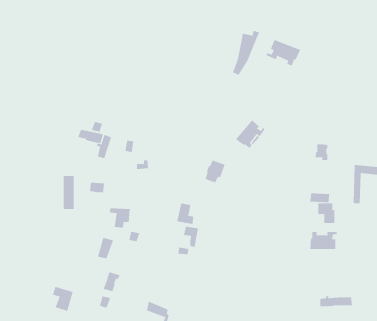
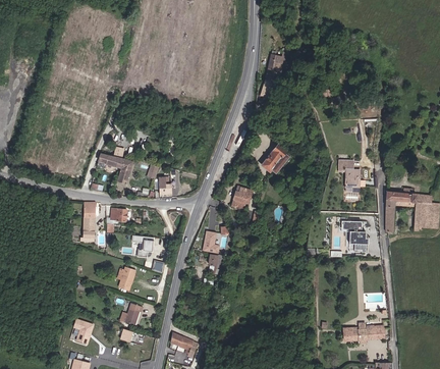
building: [266,39,301,66] -> none
building: [310,231,337,250] -> none

